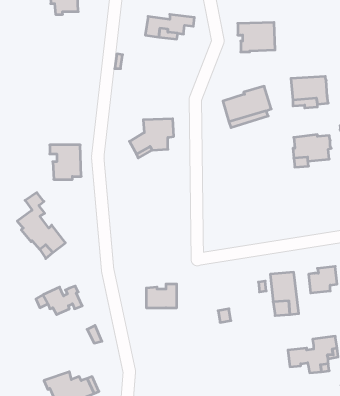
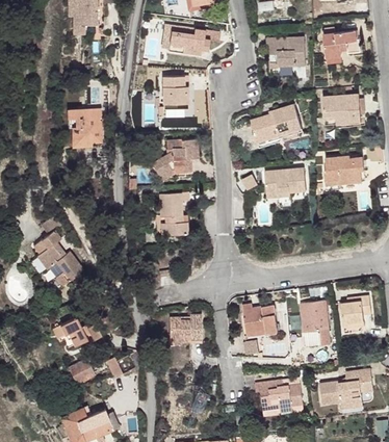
building: none -> [322,28,359,57]
building: none -> [162,76,188,109]
building: [50,145,81,179] -> [68,109,101,146]
building: none -> [263,168,306,192]
building: none -> [159,192,188,235]
building: none -> [241,304,278,334]
building: none -> [68,358,95,385]
building: none -> [254,380,303,410]

